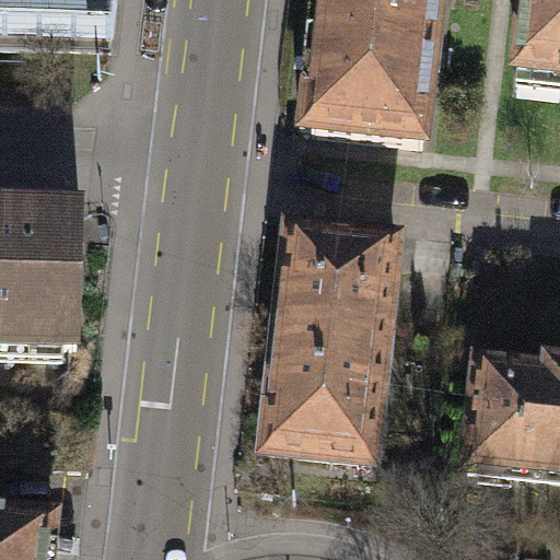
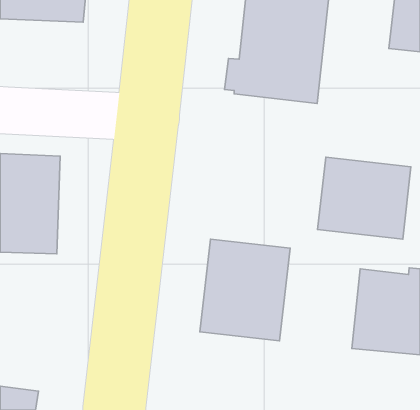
building: none -> [318,157,411,239]
building: [280,225,397,330] -> none

